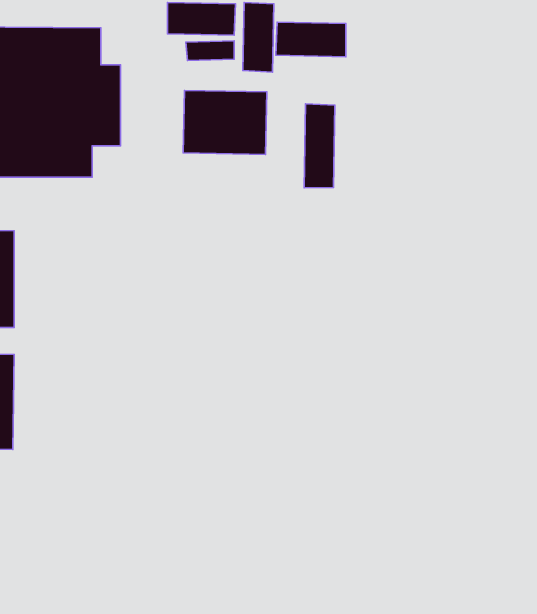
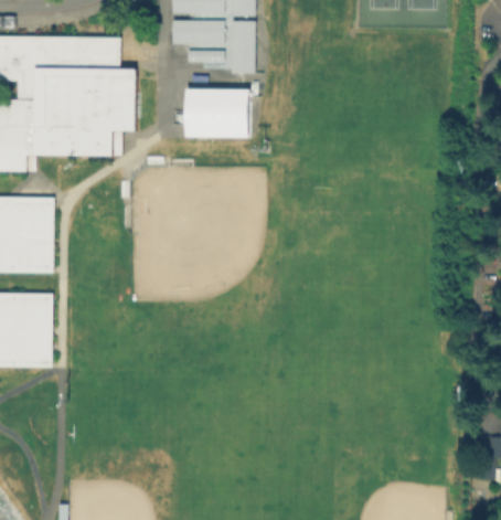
building: [276,22,346,57] -> none
building: [304,104,335,188] -> none

